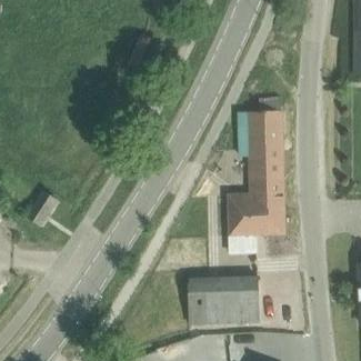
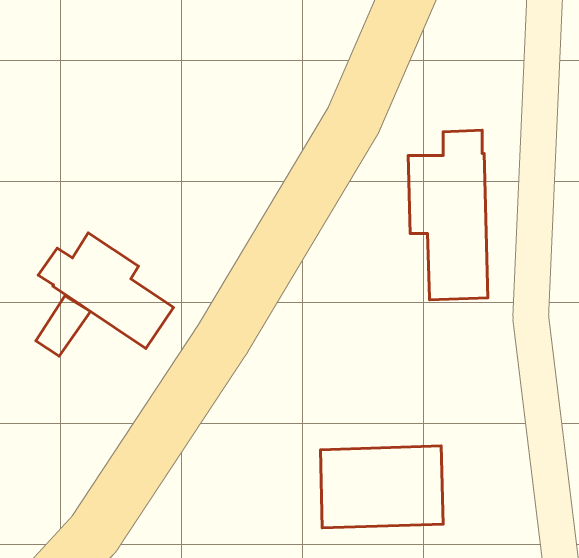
building: none -> [38,233,173,348]
building: [228,192,285,235] -> none

